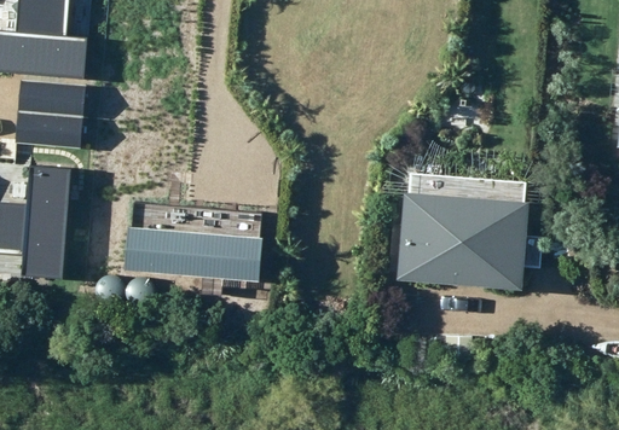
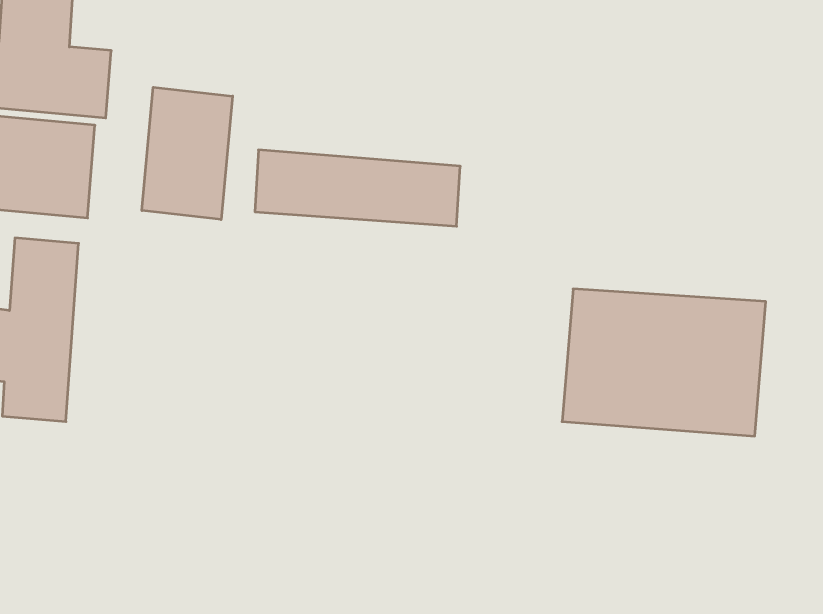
building: none -> [142,87,233,220]
building: [123,225,260,275] -> [255,150,460,226]

